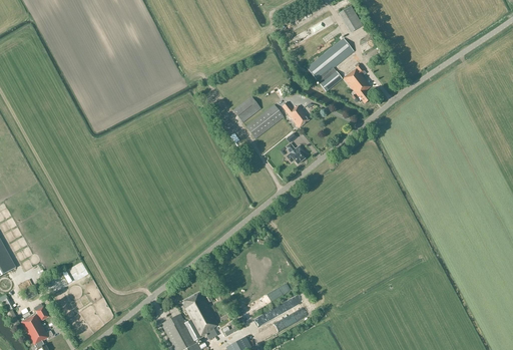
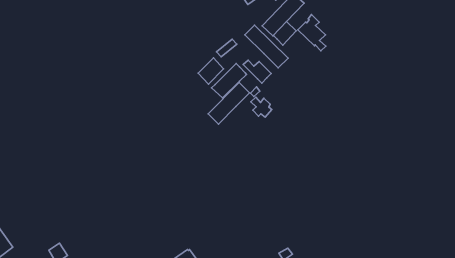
building: none -> [245,25,288,68]
building: none -> [208,82,249,124]

